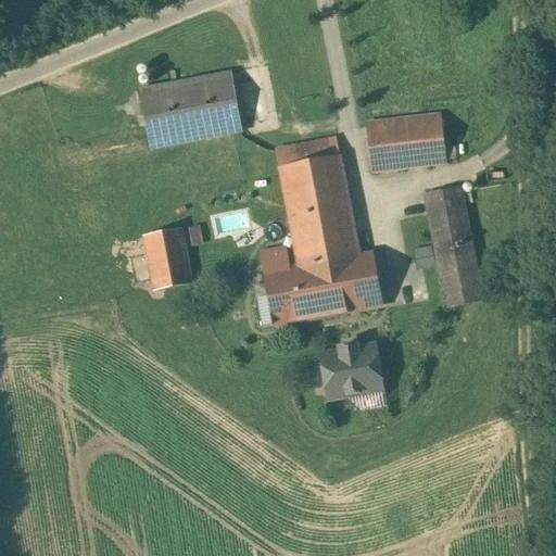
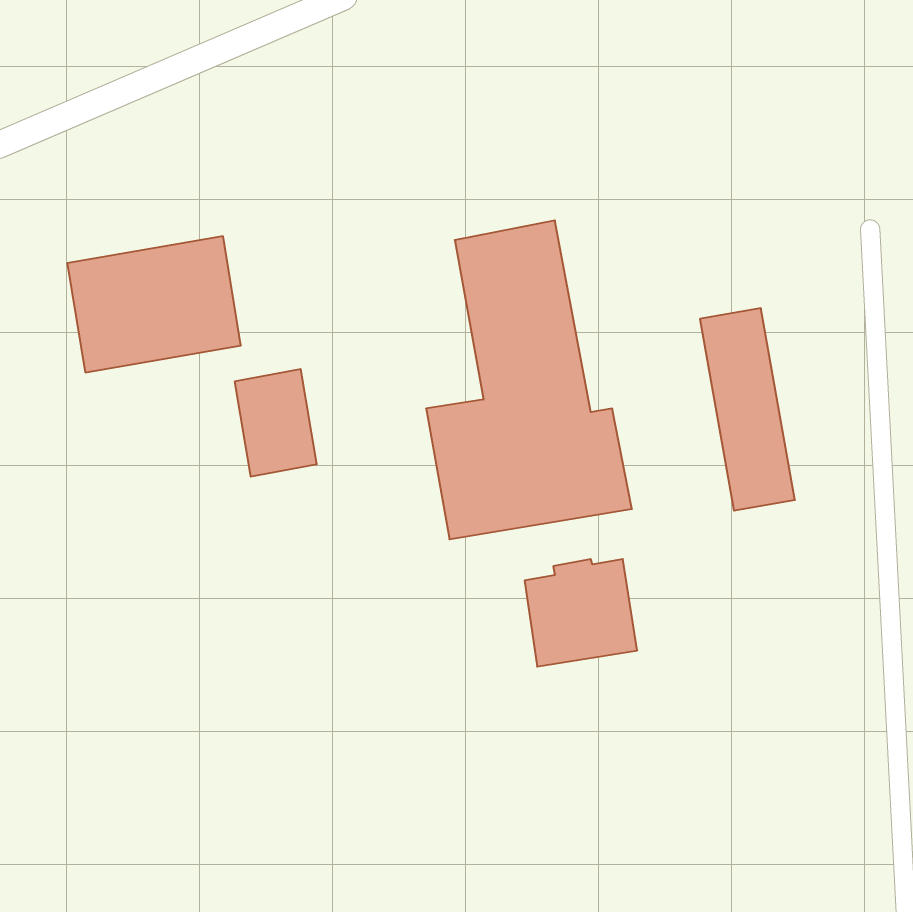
building: [137,65,242,148] -> [67,236,241,372]
building: [365,110,445,172] -> none

